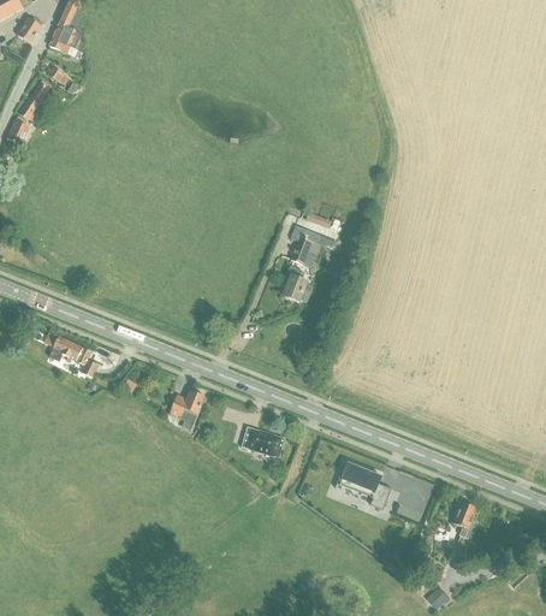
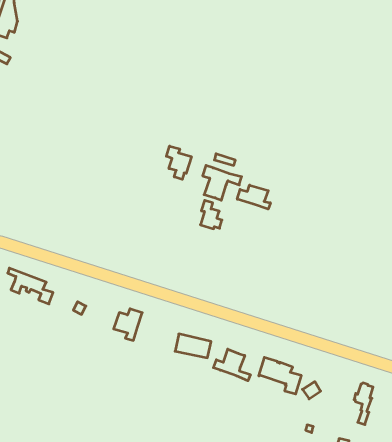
building: none -> [166,146,191,179]
building: none -> [237,185,270,209]
building: none -> [213,349,250,381]

